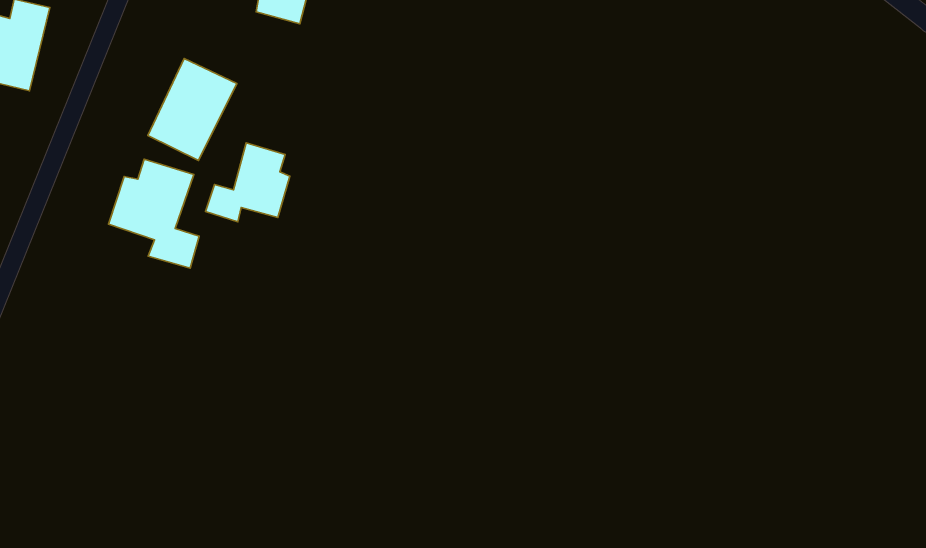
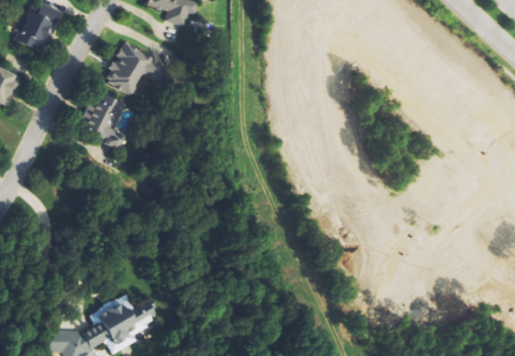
building: [206,143,290,222] -> none

